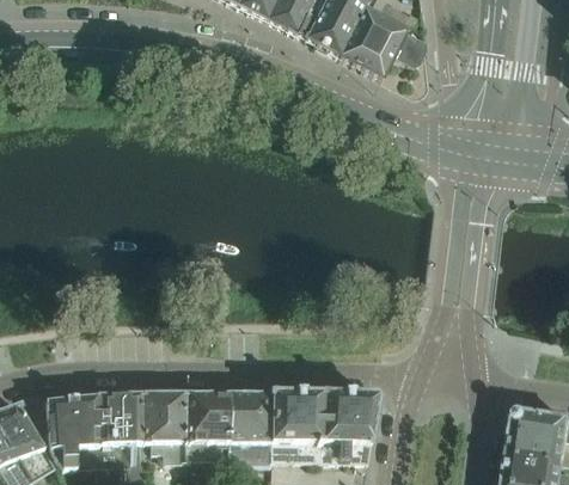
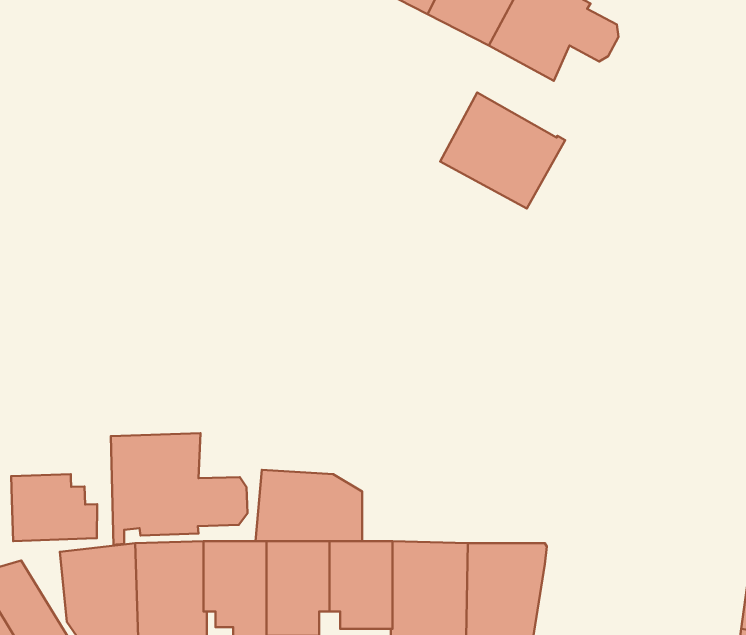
building: none -> [440,93,565,208]
building: none -> [111,433,247,546]
building: none -> [255,470,362,541]
building: none -> [11,474,97,541]

